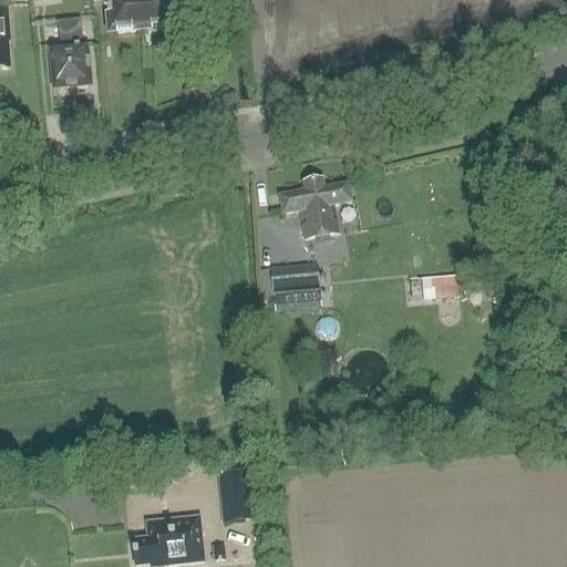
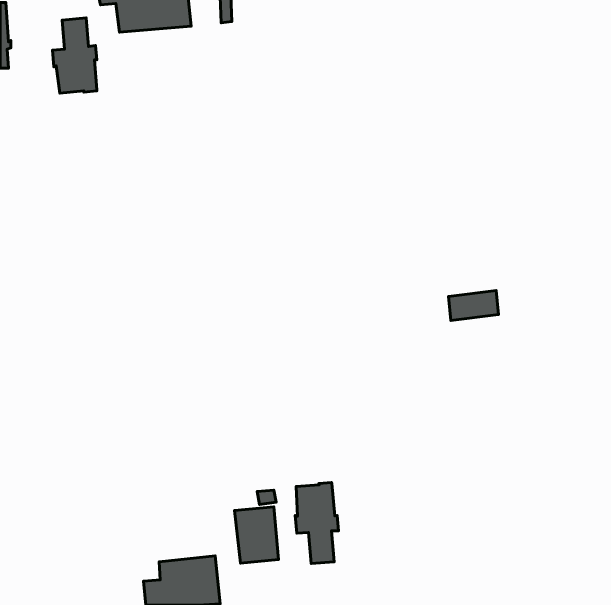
building: [278,177,350,236] -> none
building: [270,261,321,303] -> none
building: none -> [295,482,339,563]

